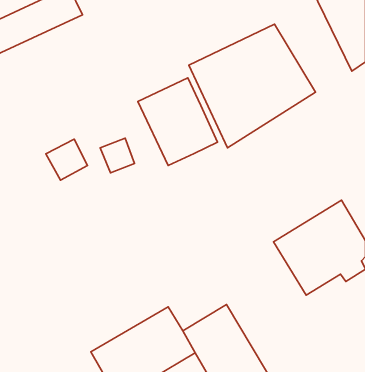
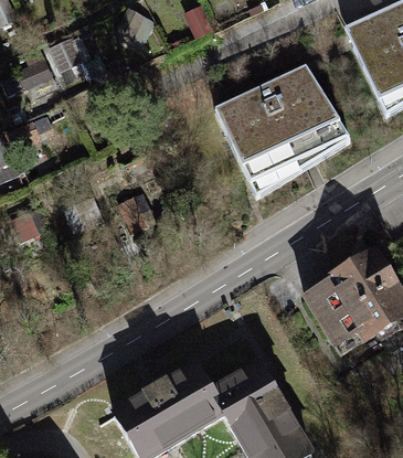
building: [138,78,217,165] -> none

